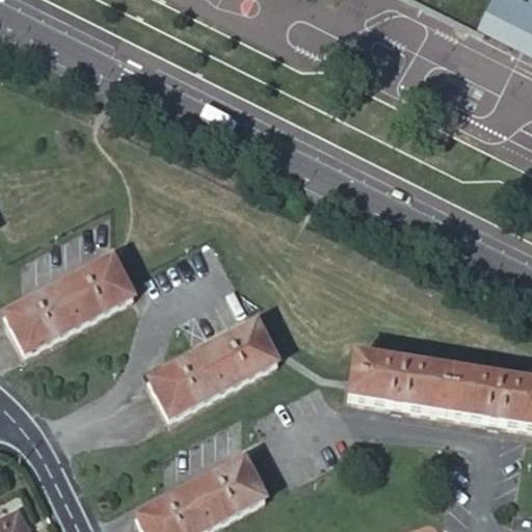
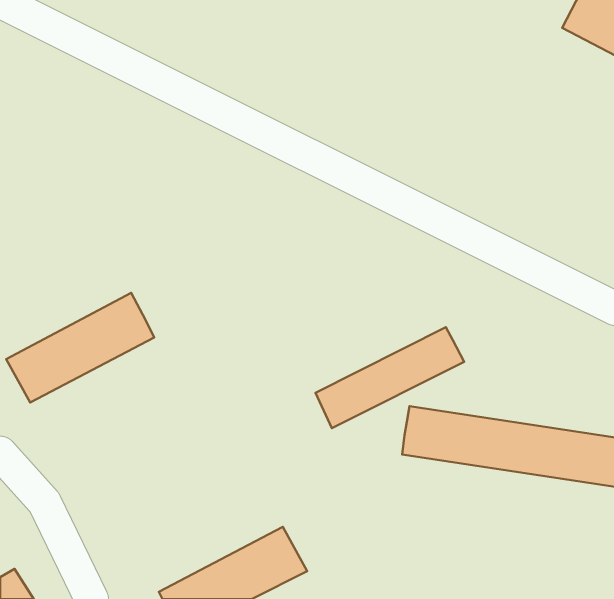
building: none -> [316,327,464,428]
building: [152,321,278,413] -> none

